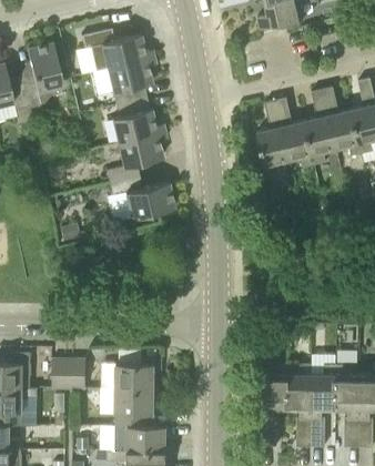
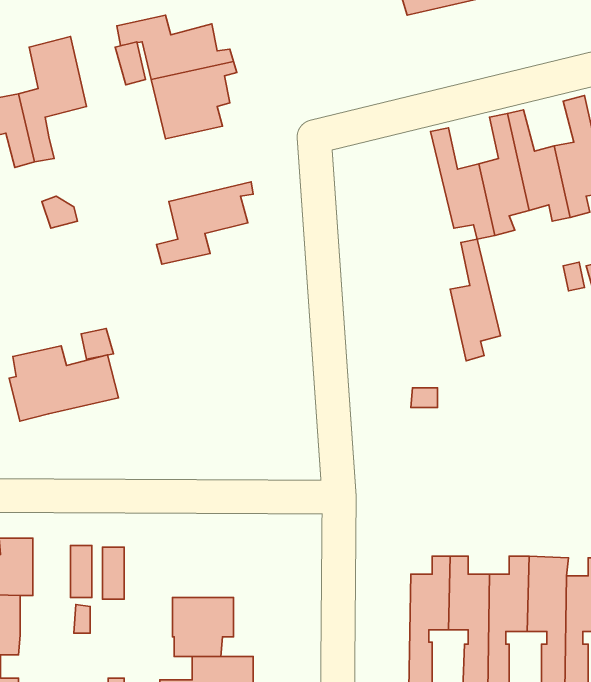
building: [108,98,164,144] -> none
building: [259,101,290,176] -> [450,239,500,361]
building: [107,176,174,223] -> [9,346,118,421]
building: [115,364,153,389] -> none

